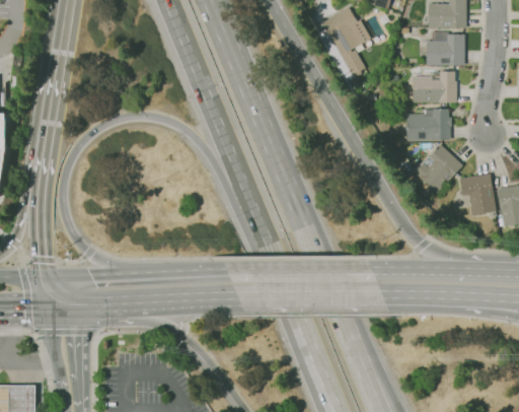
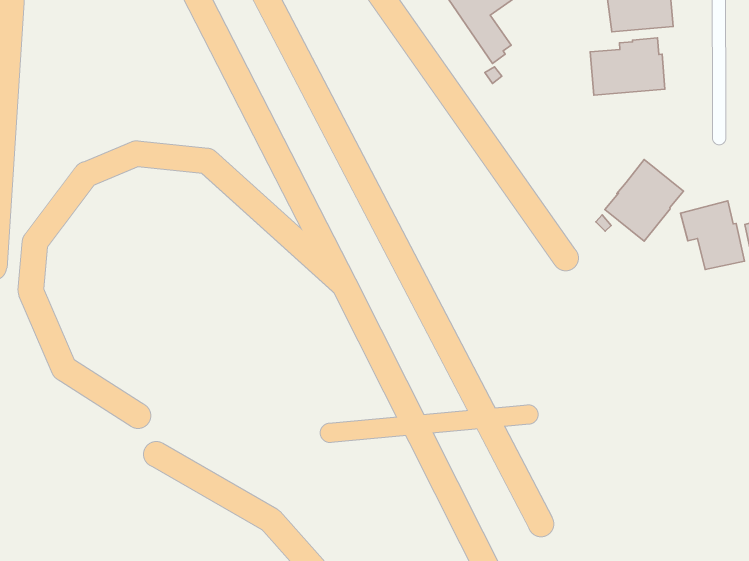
building: [405,109,451,140] -> none

